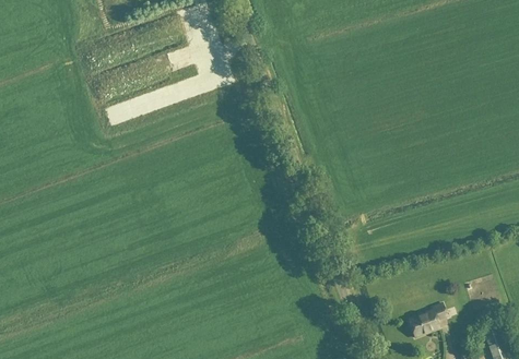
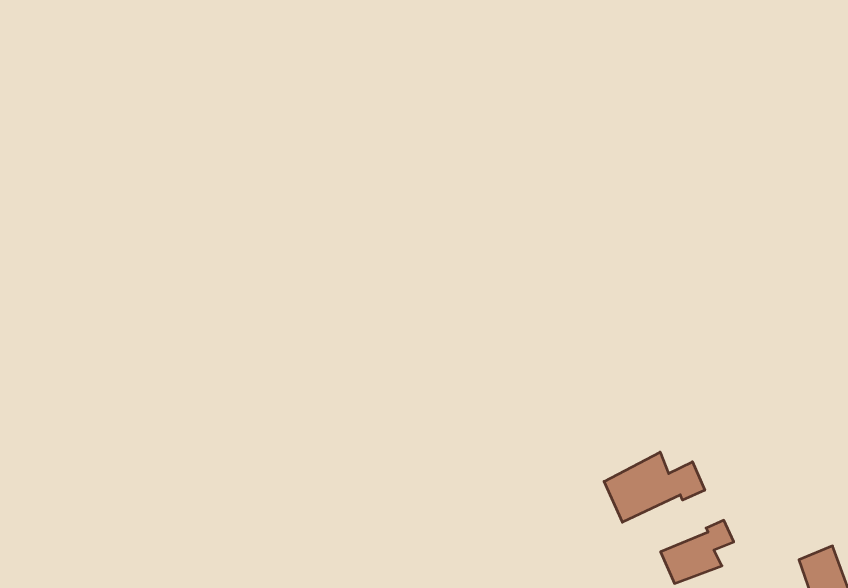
building: none -> [604,452,705,522]

